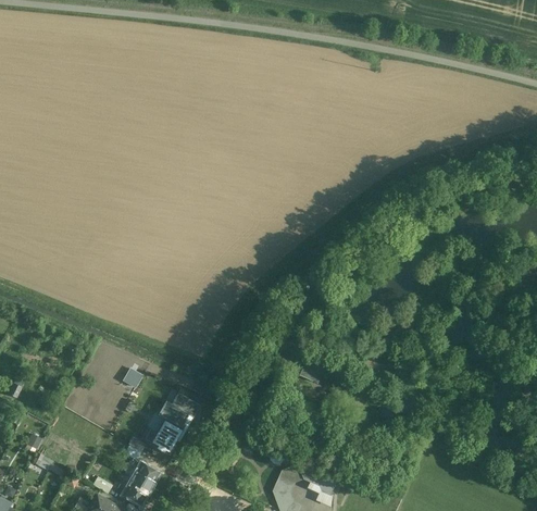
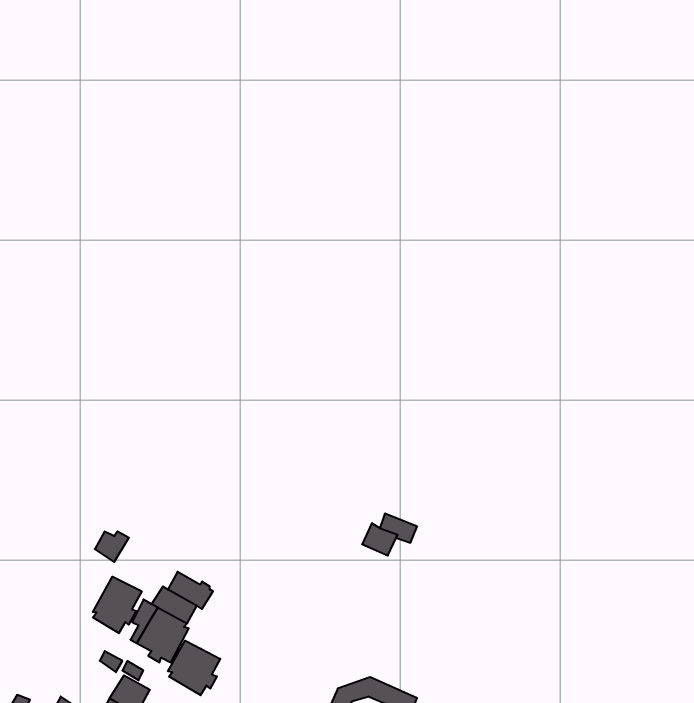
building: none -> [93,577,142,633]
building: none -> [168,641,220,695]

